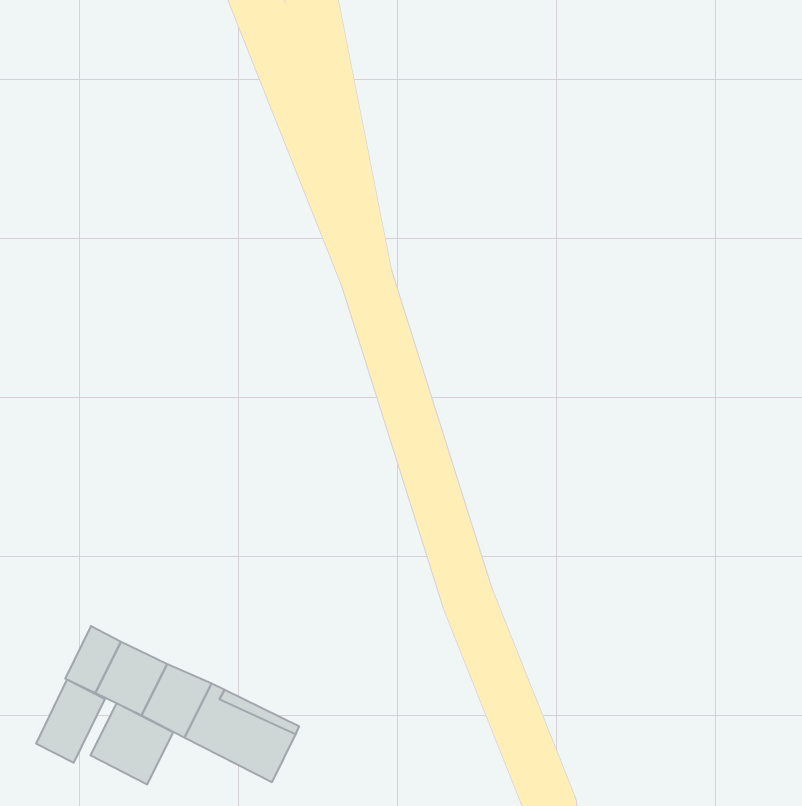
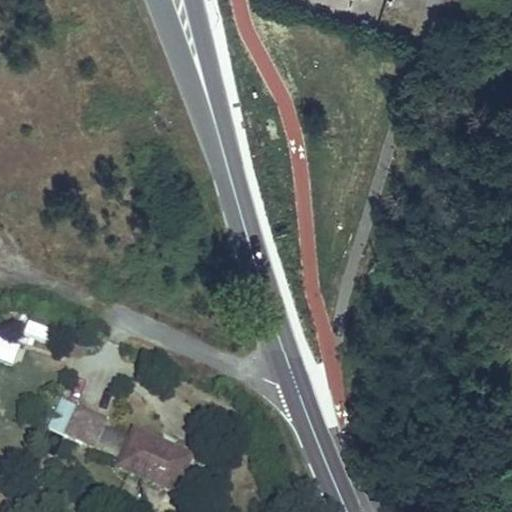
building: [36,680,105,763] -> none
building: [91,703,173,785] -> none

